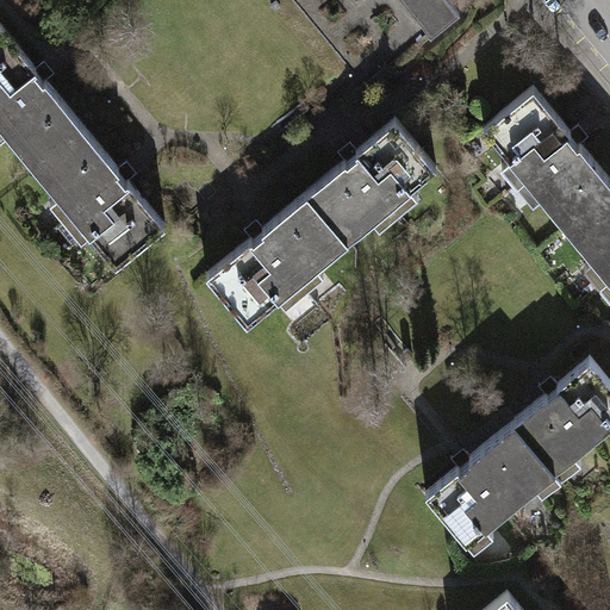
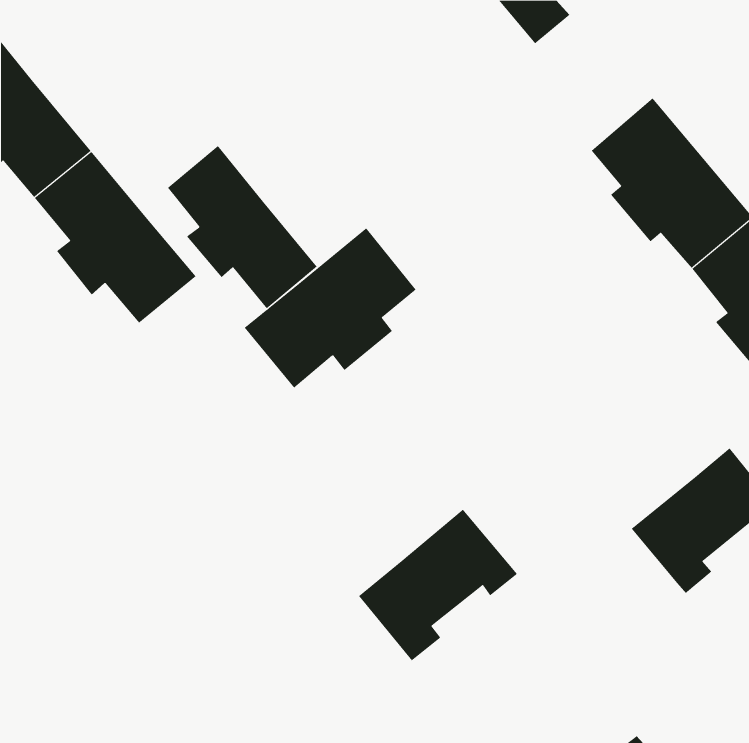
building: [300,119,431,243] -> none
building: none -> [167,145,318,309]
building: [429,436,558,559] -> [358,509,518,661]

